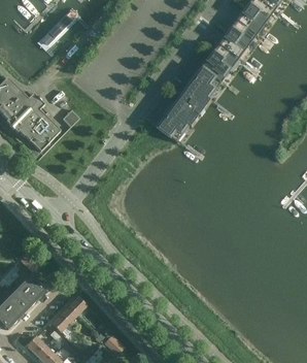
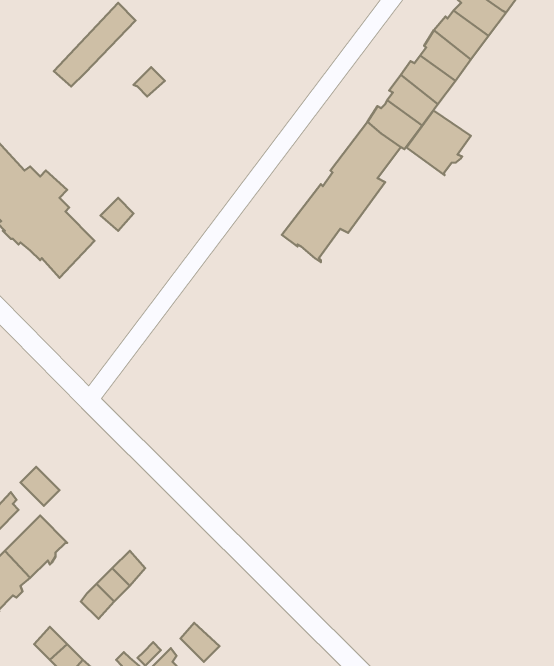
building: none -> [406,110,471,175]

